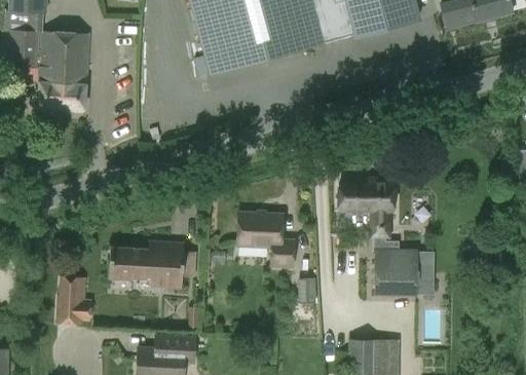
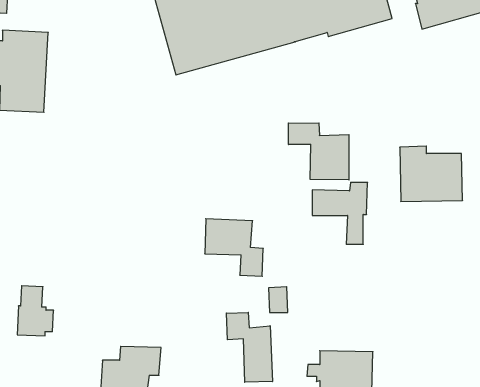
building: none -> [288,123,349,180]
building: [110,240,185,288] -> none
building: [379,240,440,294] -> [400,146,463,201]
building: none -> [226,312,272,382]

